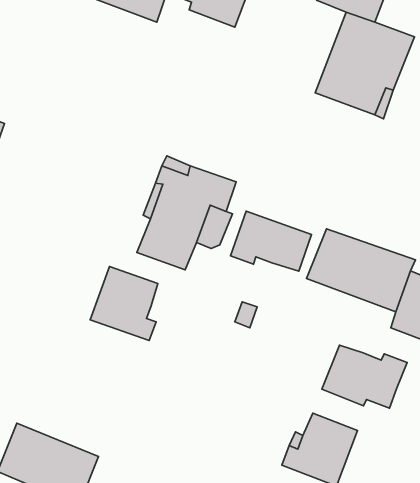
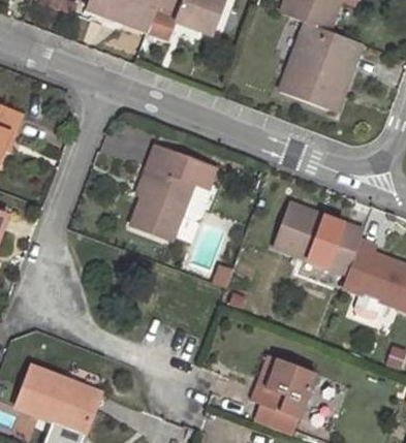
building: [230,211,312,271] -> none
building: [90,267,158,341] -> none
building: [322,345,407,408] -> none

